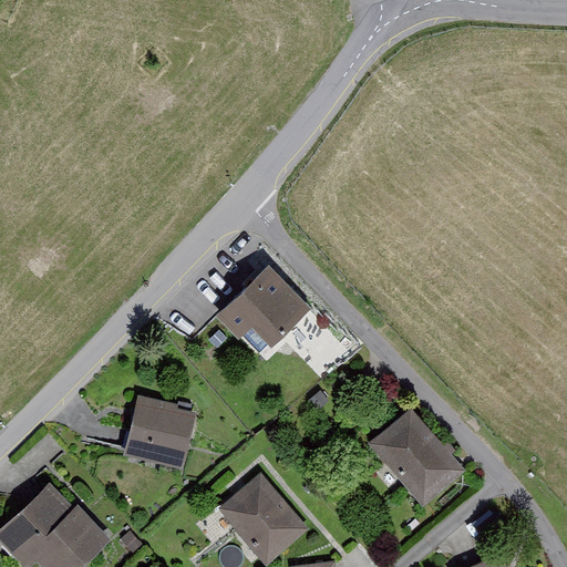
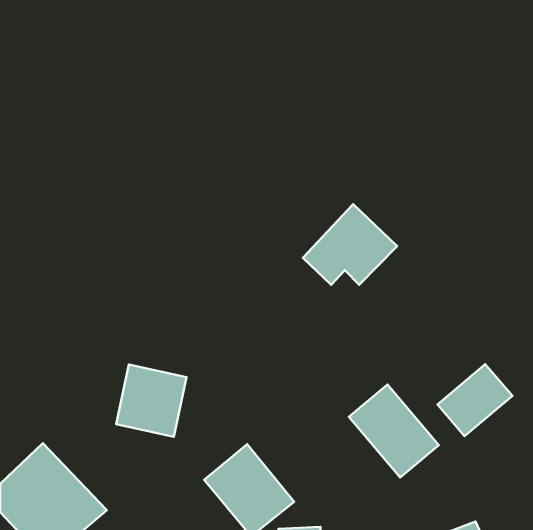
building: [204,259,303,344] -> [303,204,397,285]
building: none -> [437,364,512,436]

